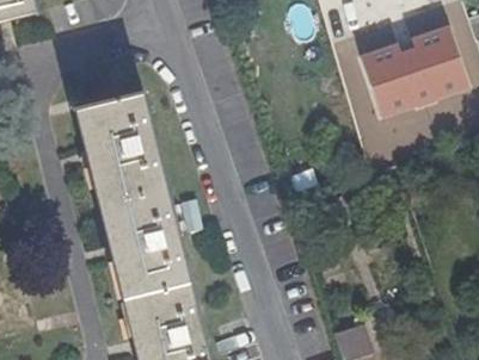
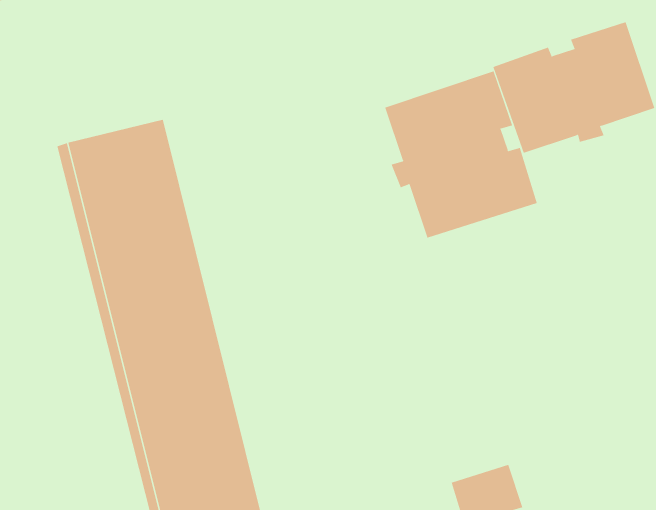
building: none -> [385,71,537,239]

